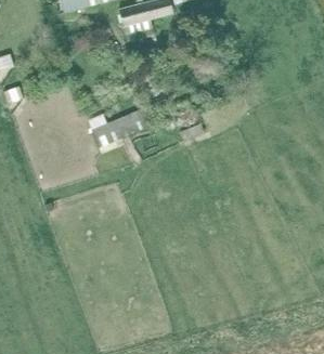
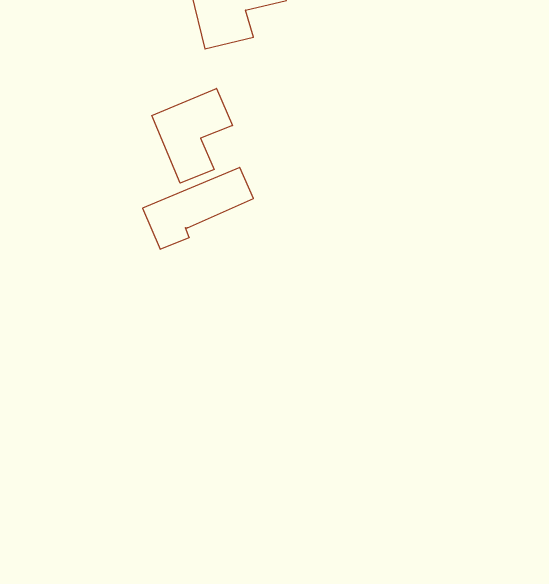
building: none -> [152,88,232,183]

